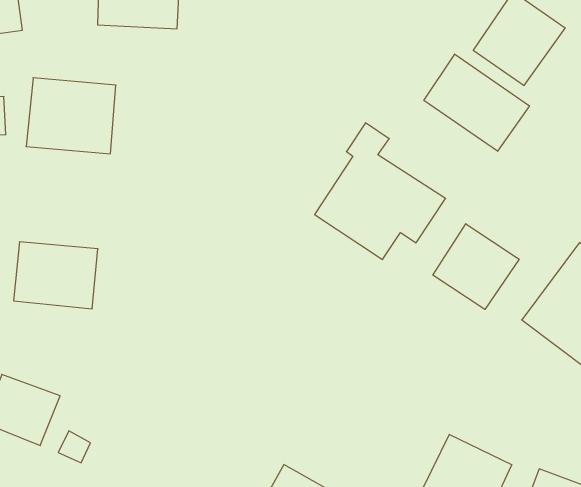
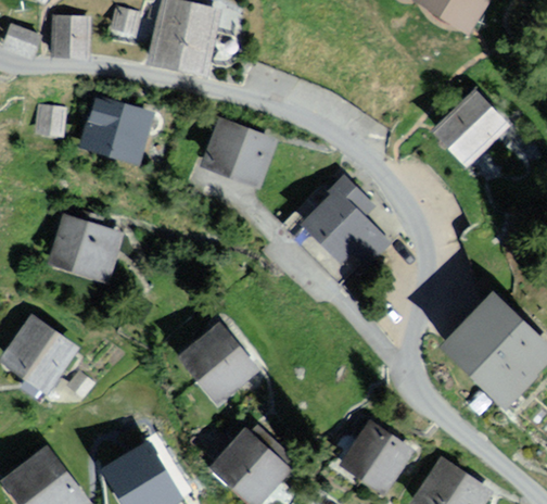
building: [424,54,529,151] -> none
building: none -> [202,115,280,184]
building: [433,224,519,309] -> none
building: none -> [174,324,253,402]

